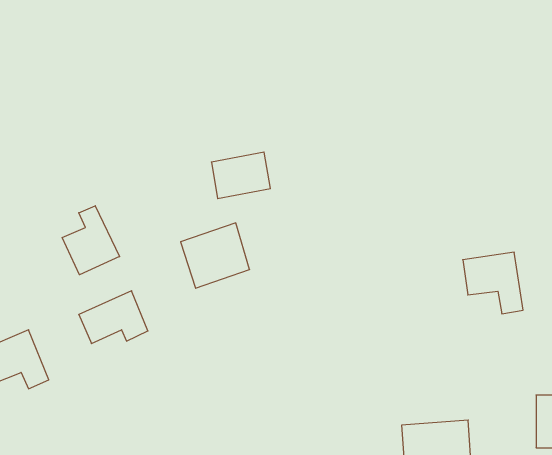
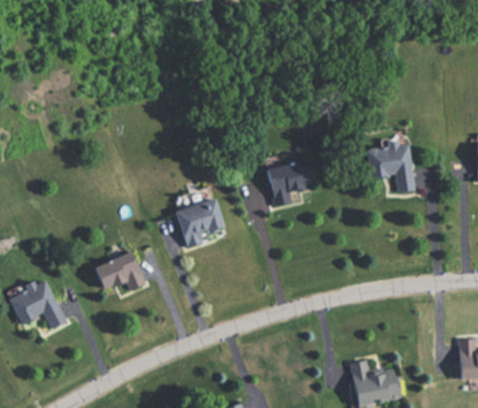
building: [211,152,270,199] -> [266,161,314,198]
building: [62,206,120,275] -> none
building: [463,252,523,314] -> [367,144,415,193]

